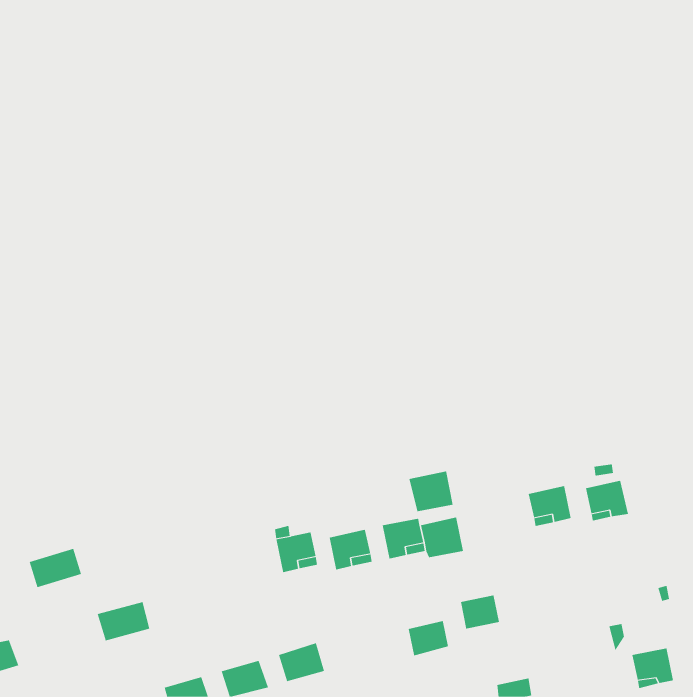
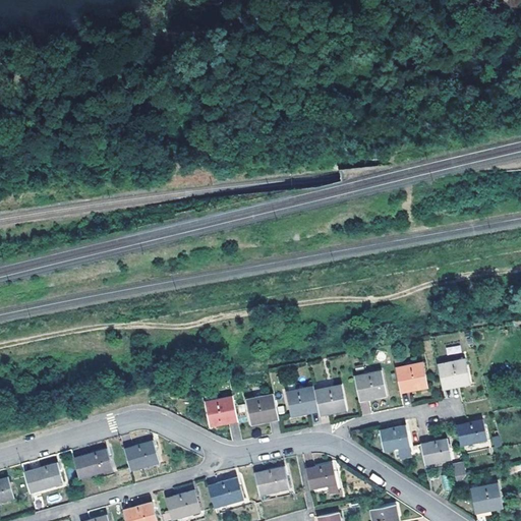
building: [409,471,454,512] -> [352,370,386,401]
building: [29,548,82,588] -> [23,463,63,493]
building: none -> [456,420,486,447]
building: none -> [419,440,450,466]
building: none -> [124,441,159,471]
building: [460,595,500,629] -> [380,426,409,452]
building: none -> [254,468,289,497]

